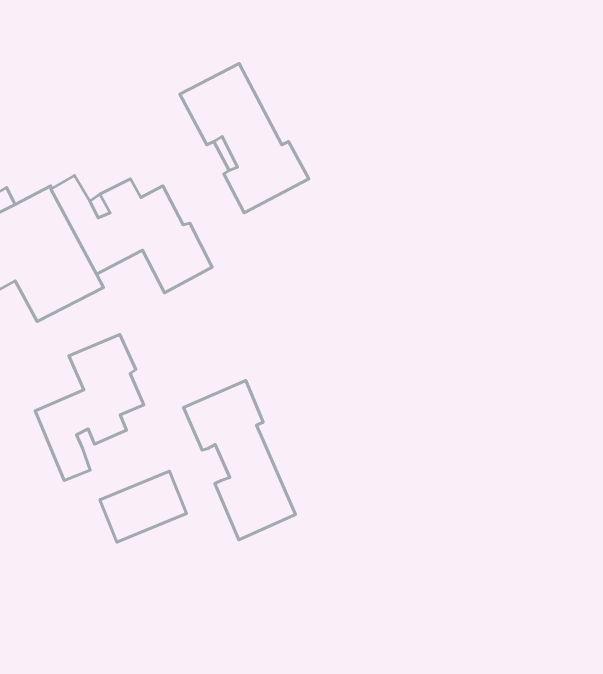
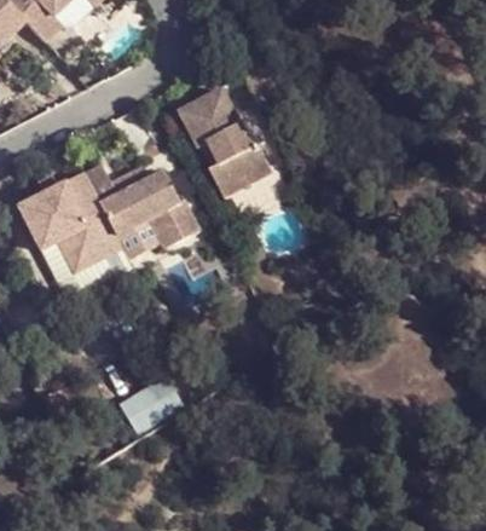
building: [35,335,144,480] -> none
building: [184,380,295,540] -> none

